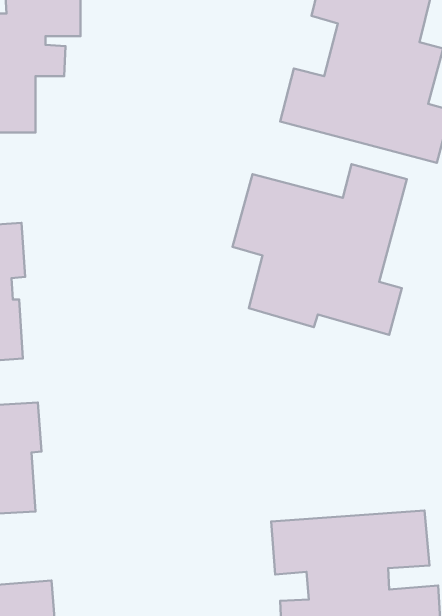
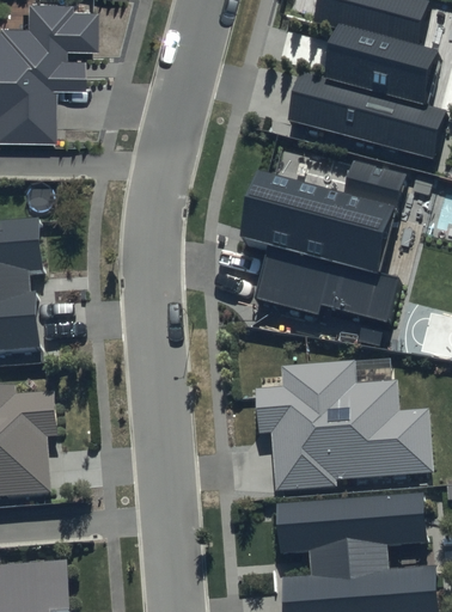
building: none -> [256,361,433,489]

